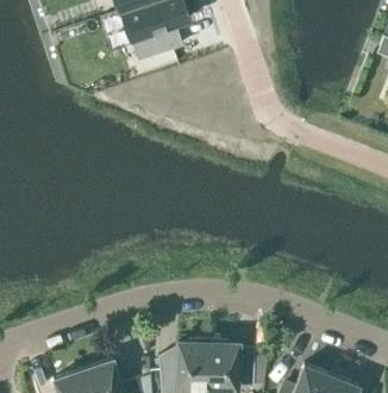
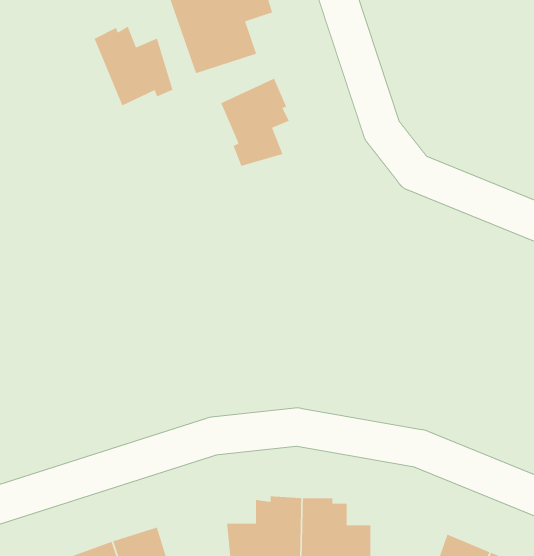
building: none -> [92,26,174,106]
building: none -> [220,77,290,167]

